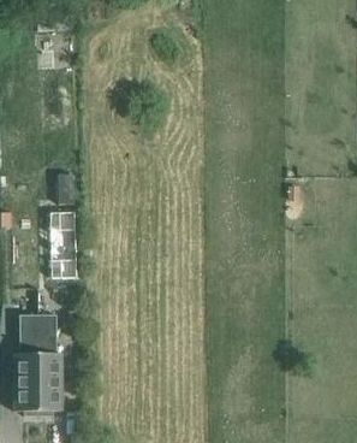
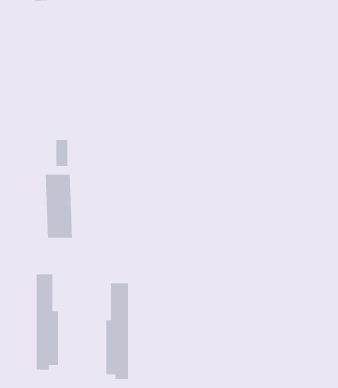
building: [14,314,38,415] -> [106,283,129,380]

